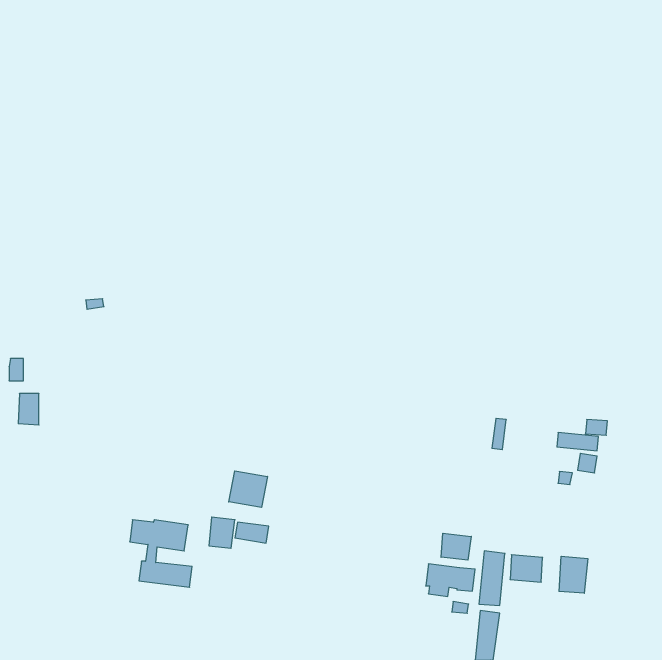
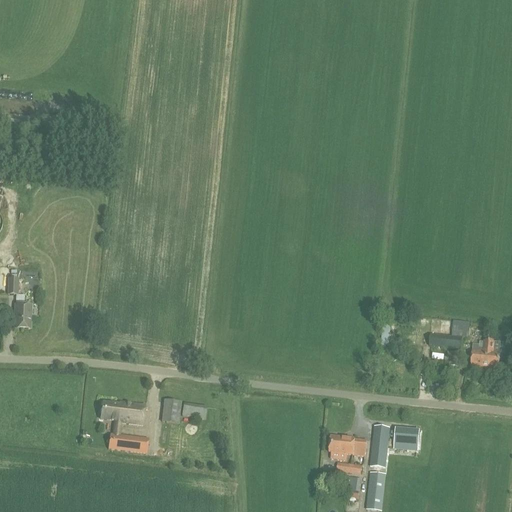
building: none -> [470,338,500,367]
building: [229,471,267,507] -> none
building: [441,533,471,560] -> none
building: [559,556,588,593] -> none

